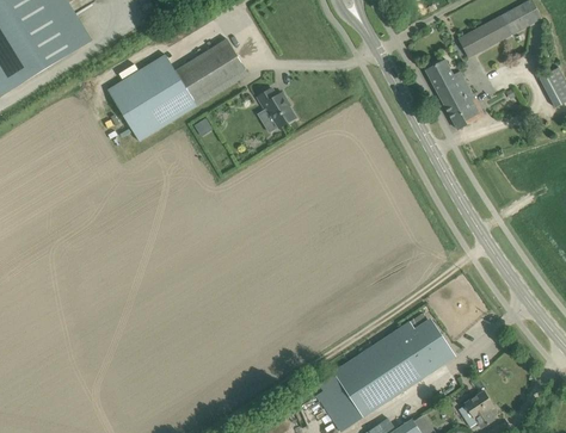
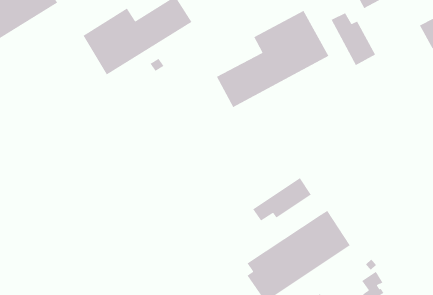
building: none -> [216,10,329,108]
building: [257,87,295,128] -> none
building: none -> [252,177,312,221]

